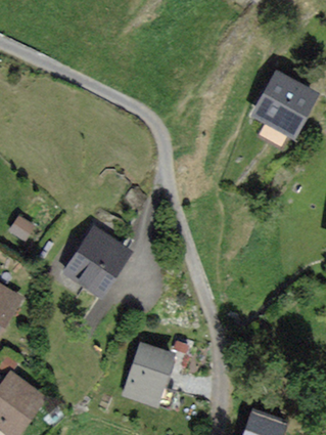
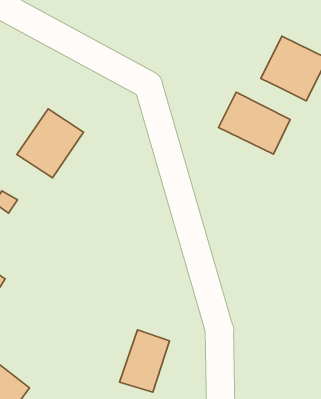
building: none -> [218,92,290,154]
building: [66,228,128,292] -> [17,109,84,178]

